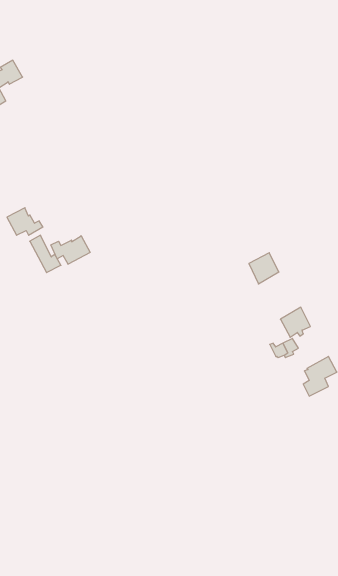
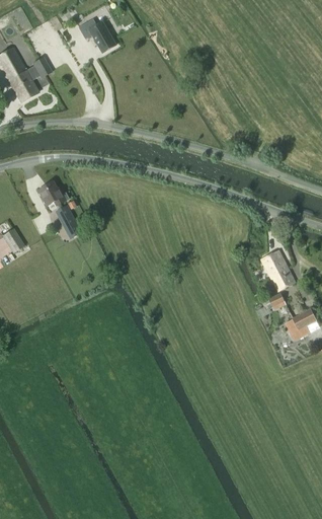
building: none -> [79,18,116,52]
building: [51,236,90,264] -> none
building: [249,253,279,284] -> [261,249,287,276]

